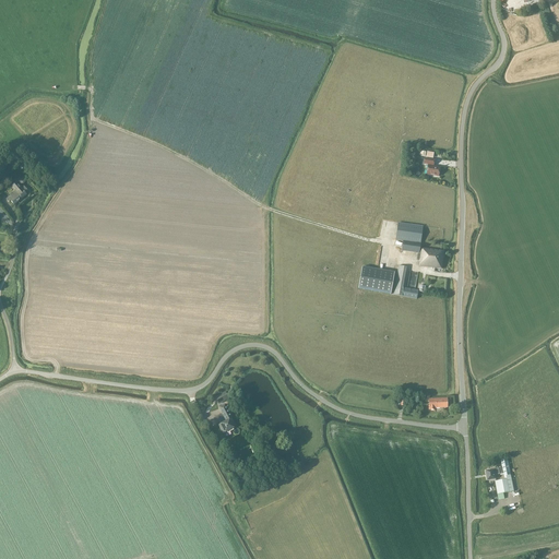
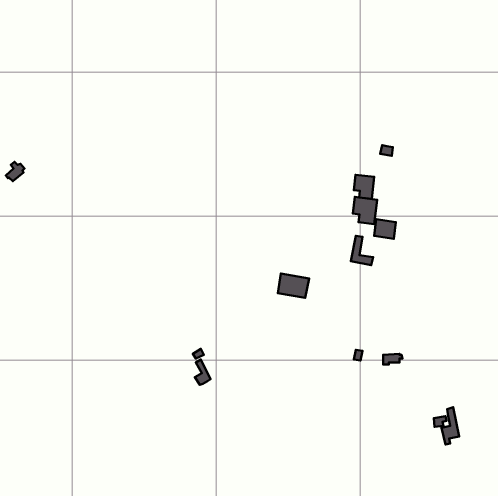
building: none -> [354,175,374,199]
building: [359,265,394,293] -> [278,274,309,298]

